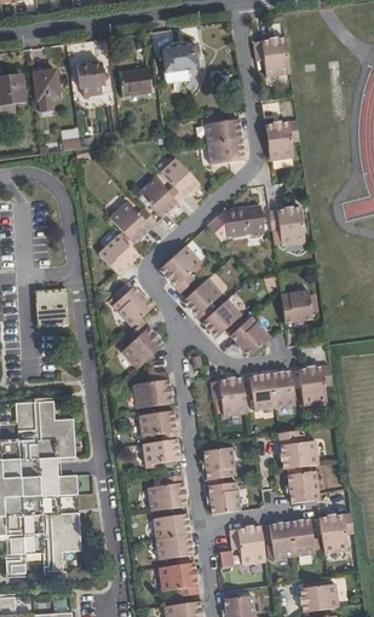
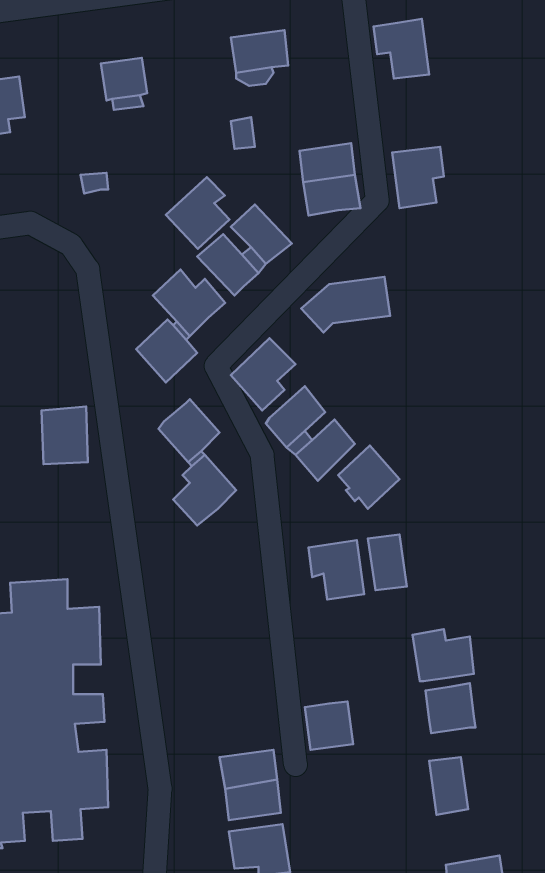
building: [119,68,151,94] -> none
building: [33,69,61,110] -> none
building: none -> [166,177,230,249]
building: [269,206,305,244] -> none
building: [281,289,312,322] -> none
building: [298,364,333,404] -> none
building: [133,370,172,408] -> none
building: [270,370,295,406] -> none
building: [138,409,176,436] -> none
building: [143,438,180,463] -> none
building: [203,446,235,479] -> none
building: [148,474,186,511] -> none
building: [320,512,353,552] -> none
building: [269,520,294,558] -> none
building: [229,525,265,564] -> none

